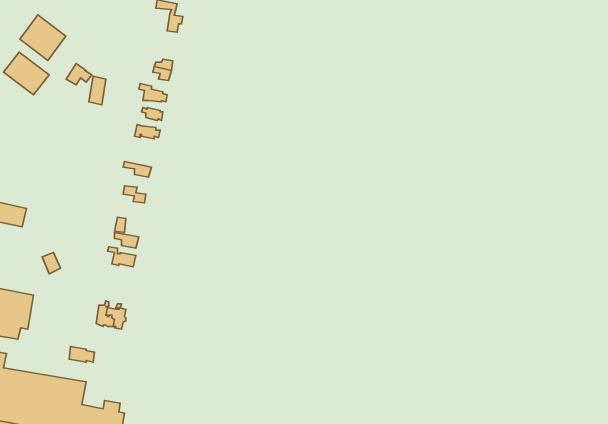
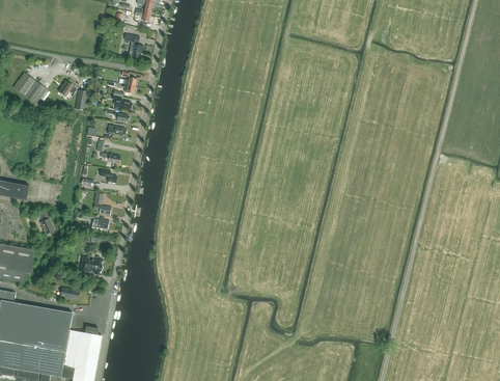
building: [20,15,66,61] -> none

